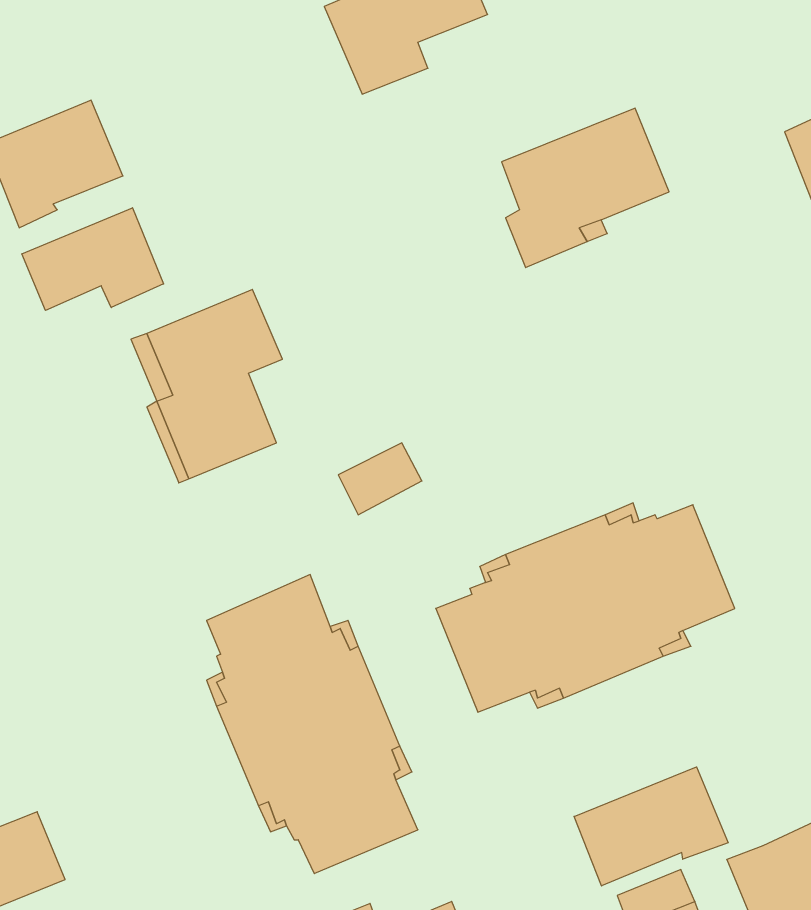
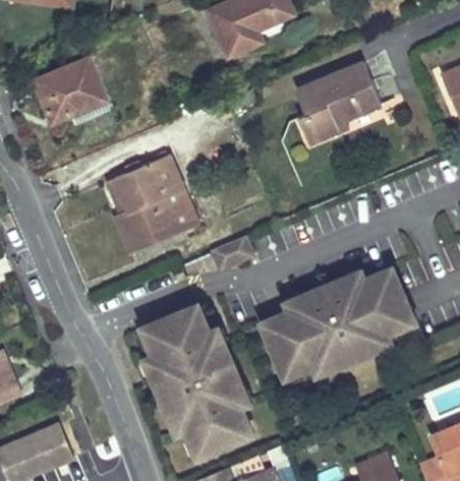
building: [22,208,164,310] -> none
building: [574,767,728,886] -> none

